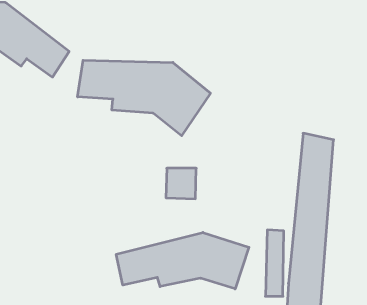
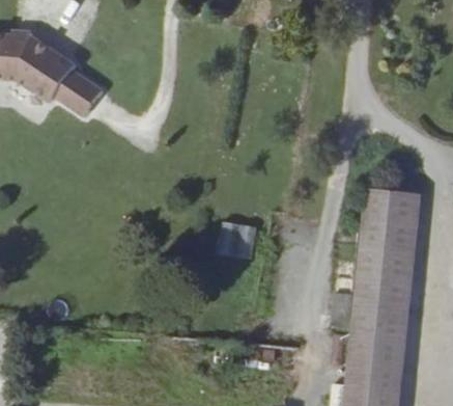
building: [78,60,210,136] -> none
building: [116,232,249,289] -> none

